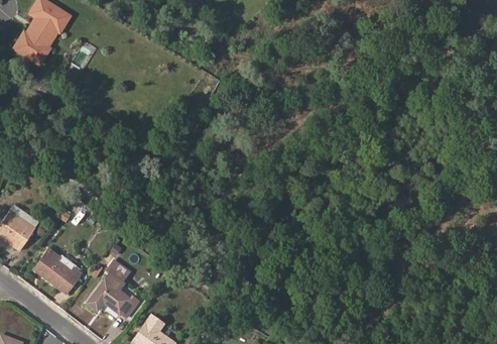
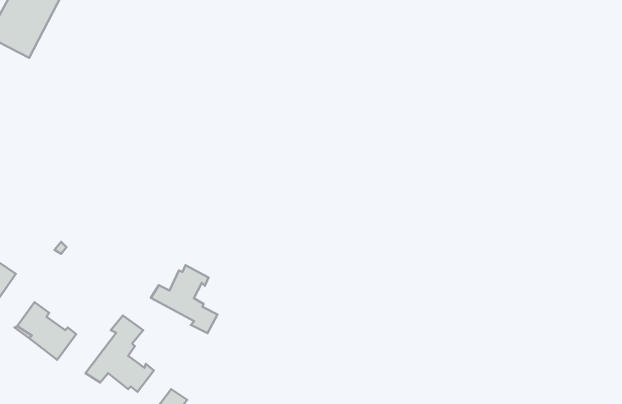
building: none -> [151,265,217,333]

